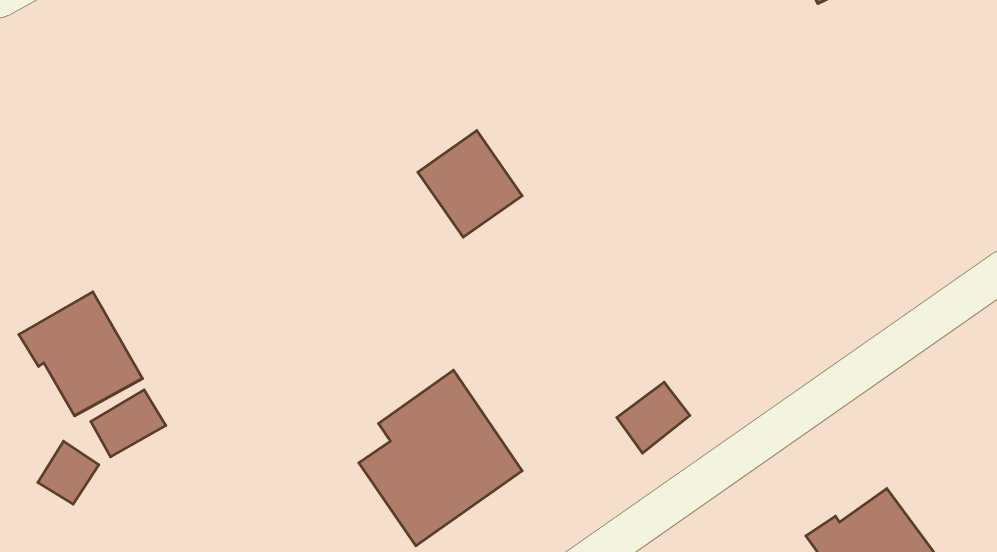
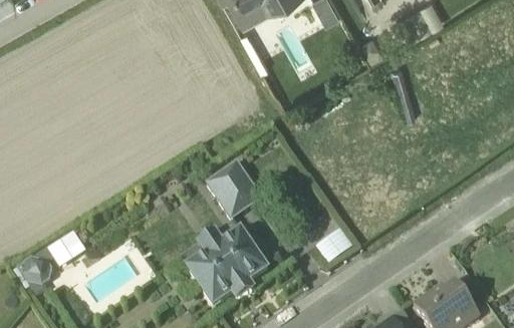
building: [418,131,522,237] -> [210,169,263,223]
building: [19,292,142,416] -> none

